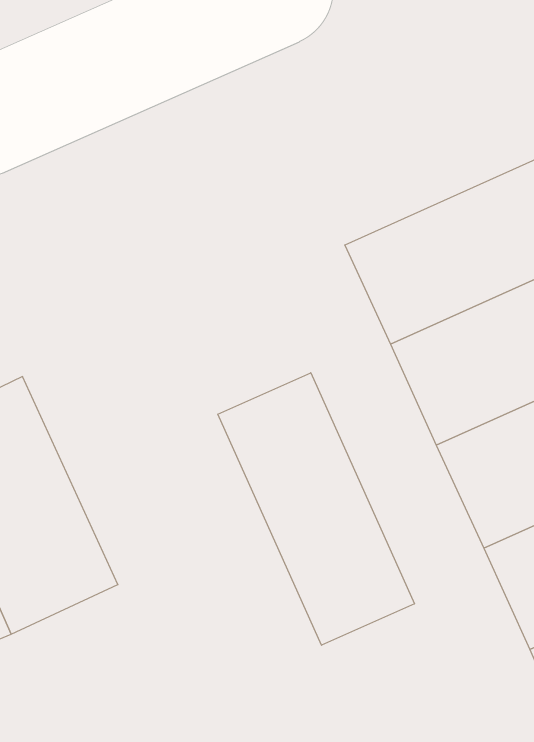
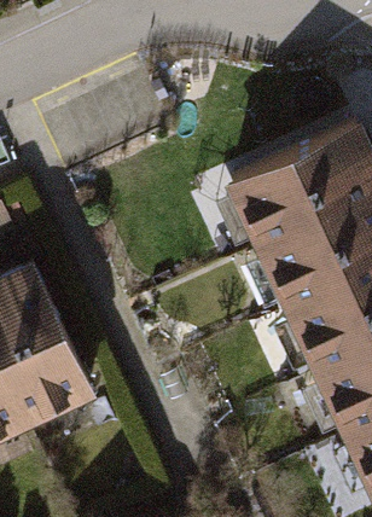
building: [218,373,414,645] -> none

